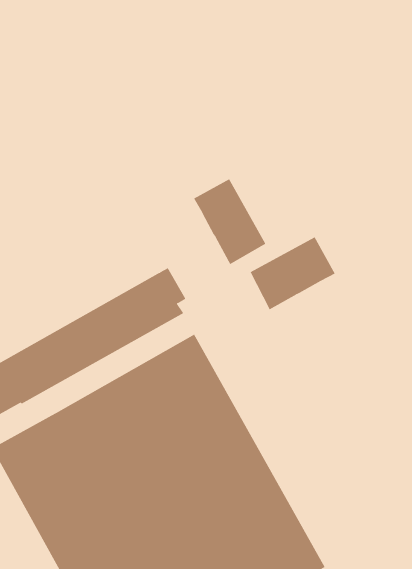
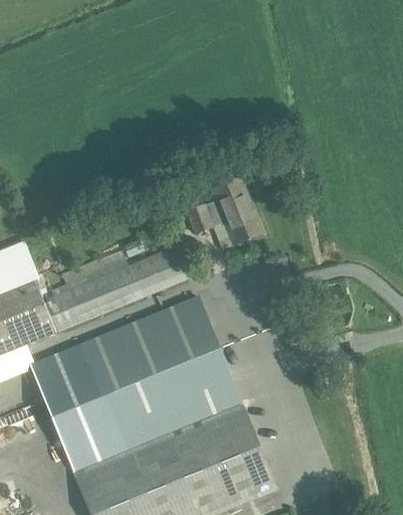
building: none -> [185,201,222,234]
building: [250,237,335,310] -> none

